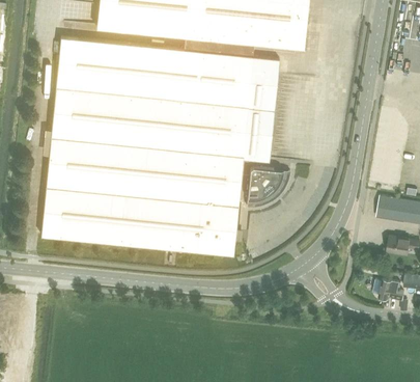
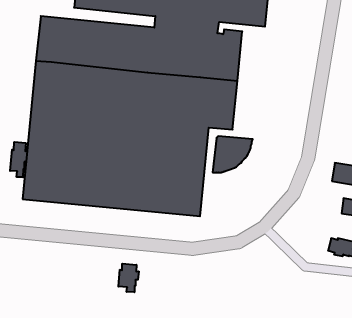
building: none -> [10,142,27,177]
building: none -> [118,264,139,292]

